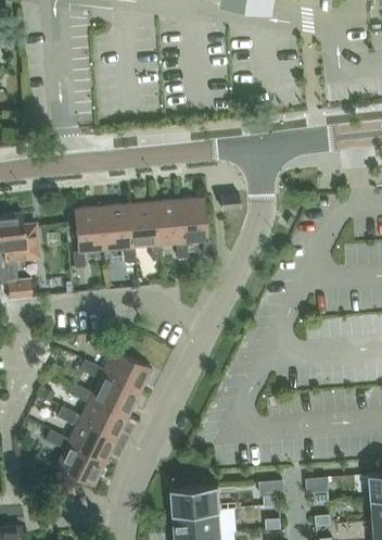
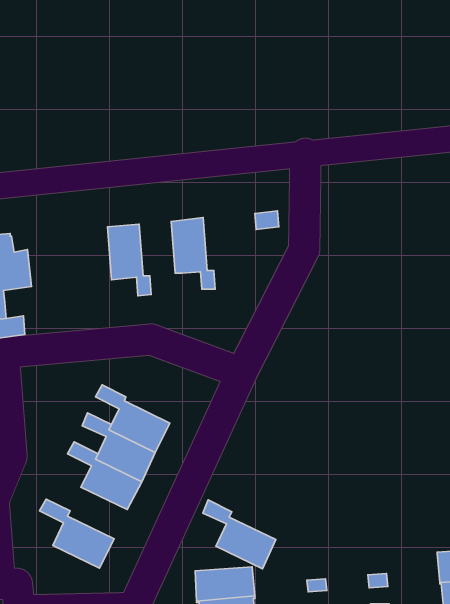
building: [177,198,213,256] -> none
building: [125,203,161,262] -> none
building: [72,208,102,268] -> none
building: [55,406,115,463] -> [203,500,276,569]

